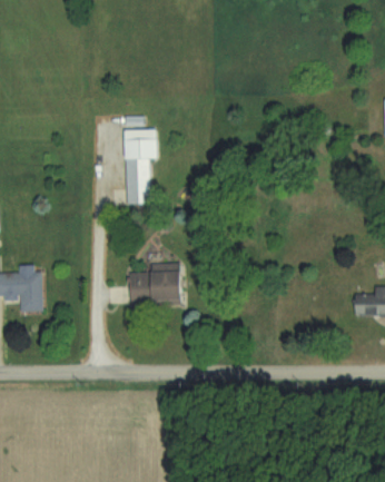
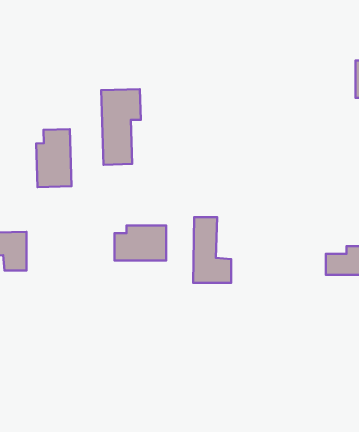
building: none -> [36,129,71,187]
building: none -> [193,217,231,283]

